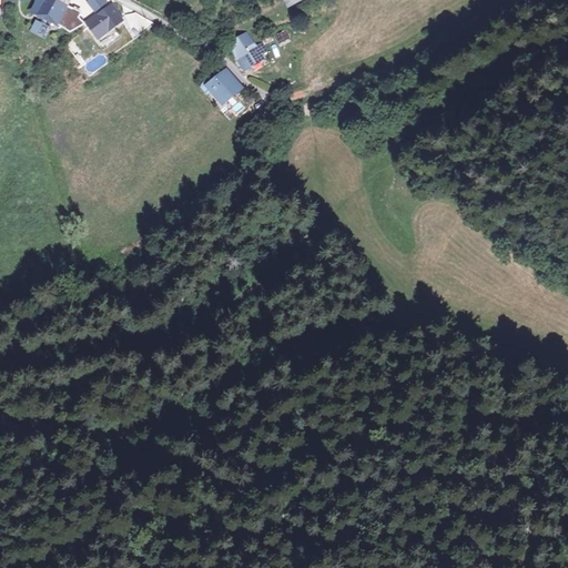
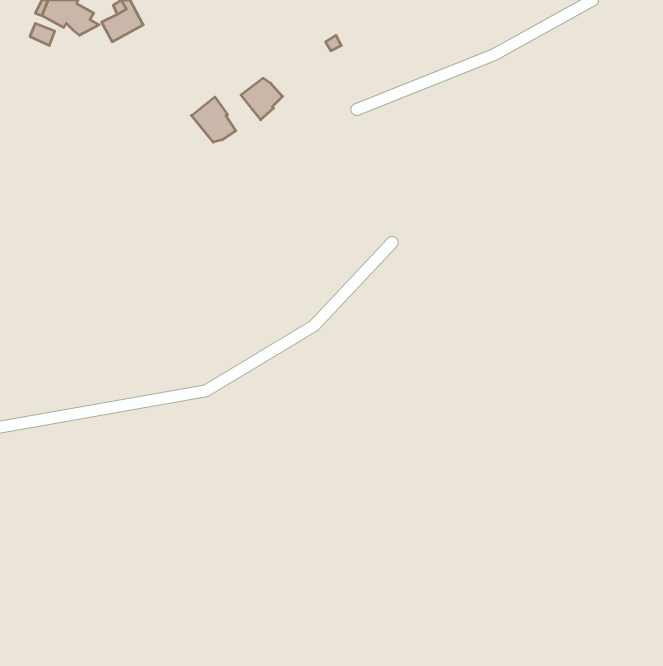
building: [227,33,267,68] -> none
building: none -> [191,97,236,142]

